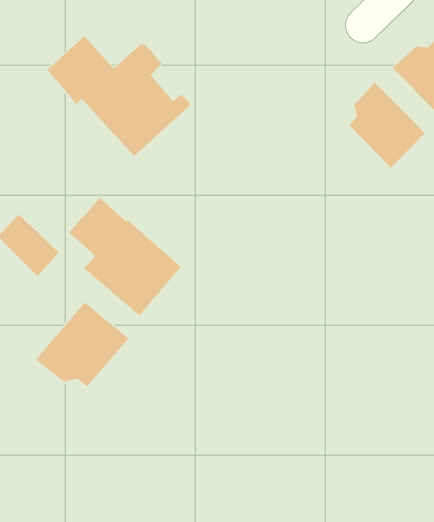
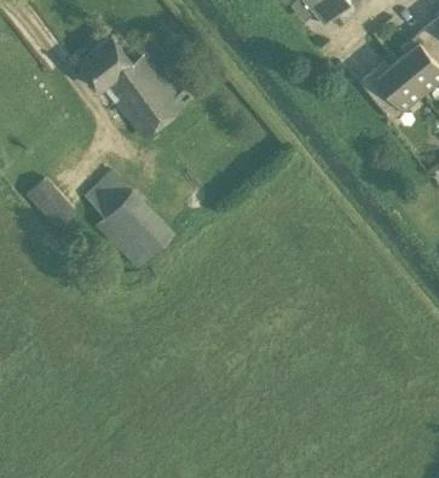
building: [348,82,425,169] -> none
building: [35,301,130,388] -> none

